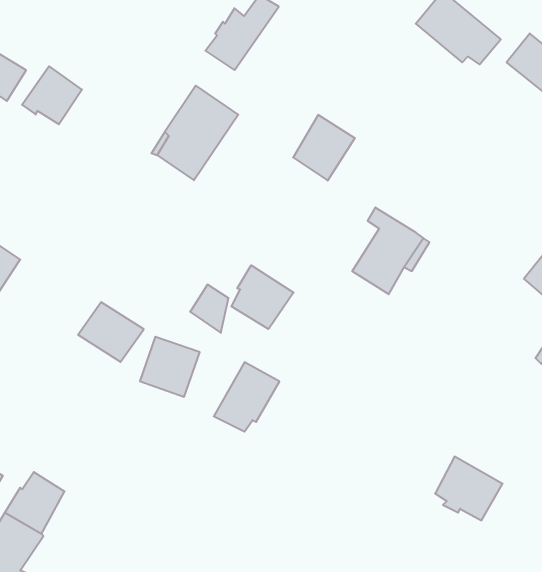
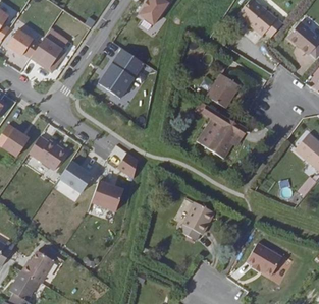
building: [293,115,355,181] -> [207,73,240,108]
building: none -> [29,136,67,170]
building: [231,265,294,329] -> none
building: [214,362,279,432] -> [178,202,213,239]

